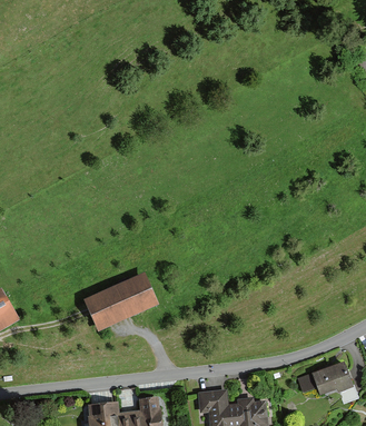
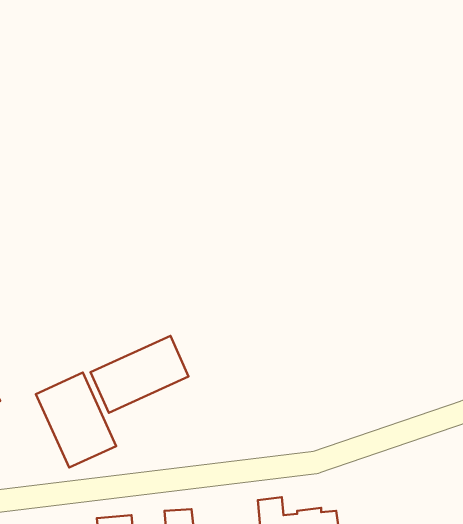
building: none -> [36,372,116,468]
building: [315,360,355,397] -> none

